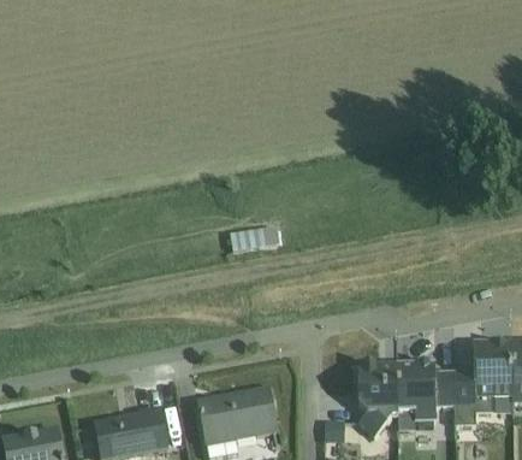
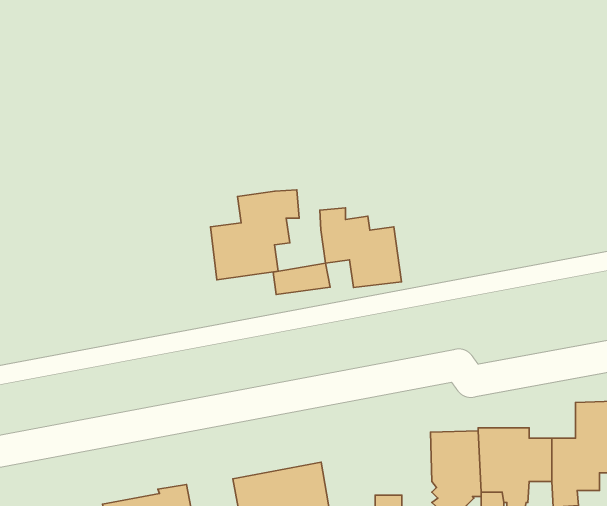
building: none -> [211,190,299,280]
building: none -> [320,208,402,287]

